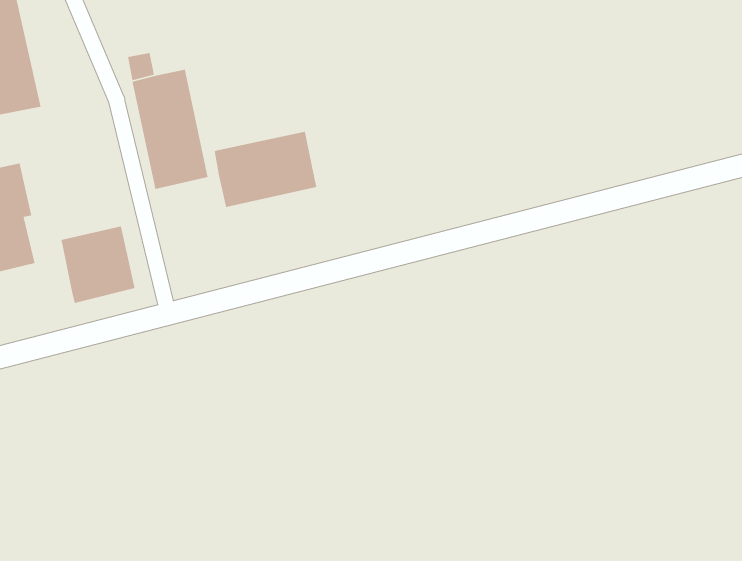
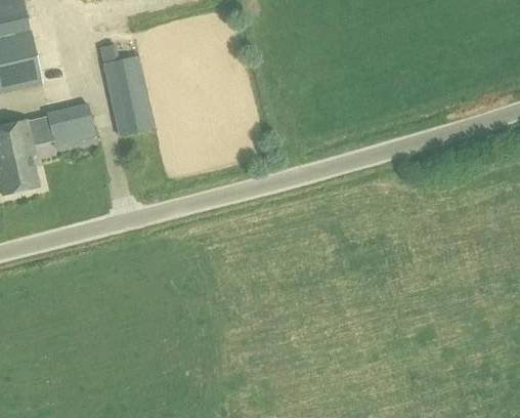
building: [214,131,317,208] -> none
building: [60,226,135,304] -> [46,102,96,155]

